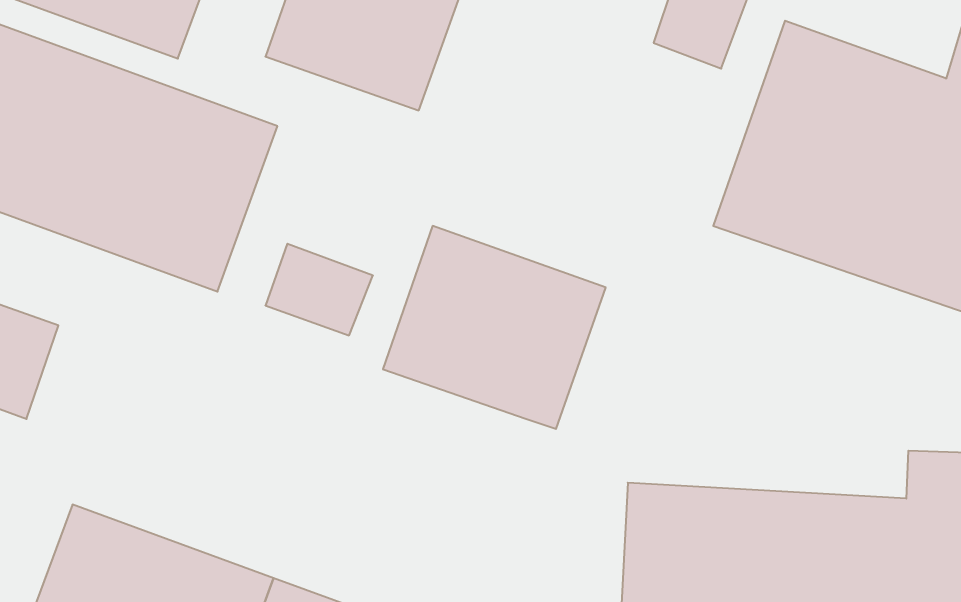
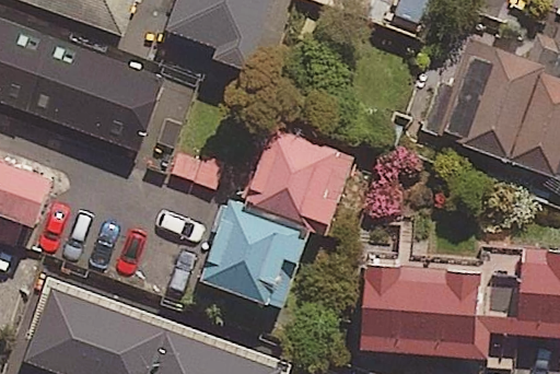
building: none -> [203,206,310,313]

